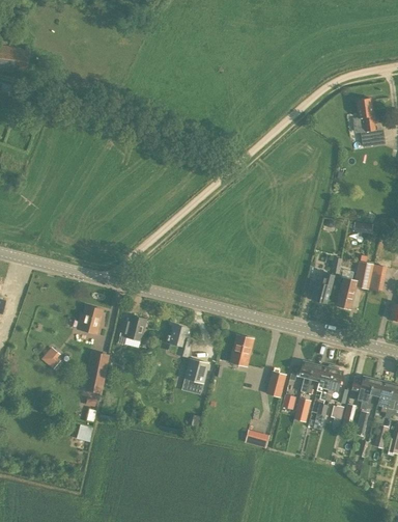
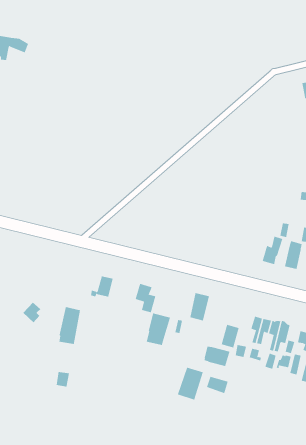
building: [78,306,103,334] -> none
building: none -> [204,346,230,367]
building: none -> [177,367,203,400]

